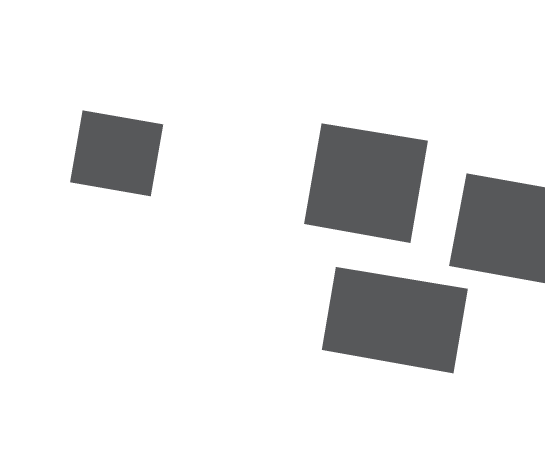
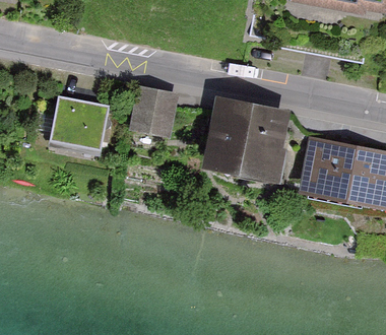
building: none -> [128,88,174,139]
building: [321,266,469,374] -> none

